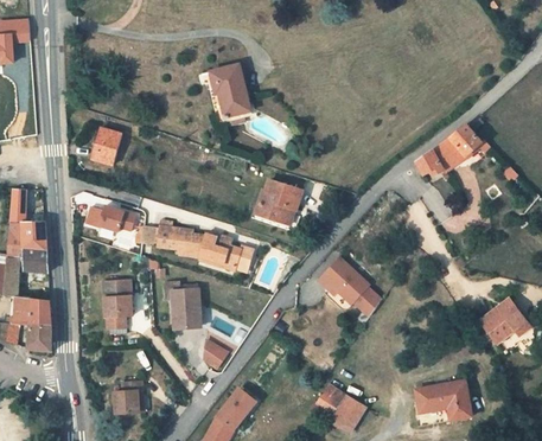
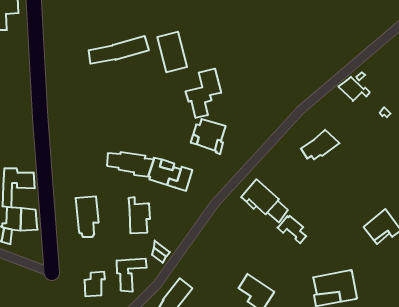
building: none -> [89,36,149,64]
building: none -> [186,69,221,118]
building: [93,126,122,165] -> none
building: [416,138,467,177] -> [301,130,340,159]
building: [9,190,47,251] -> none
building: [88,206,136,232] -> none
building: none -> [277,216,306,243]
building: [28,326,52,352] -> none
building: none -> [117,259,147,292]

